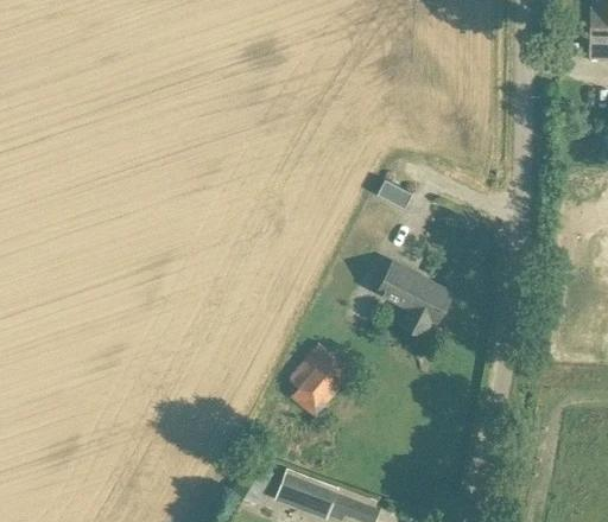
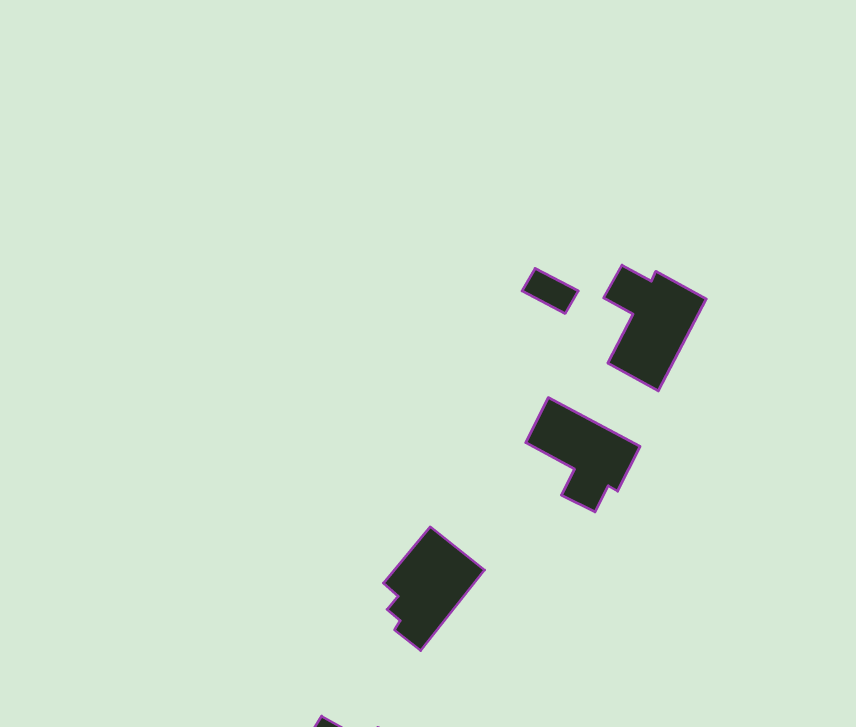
building: none -> [604,265,706,391]

